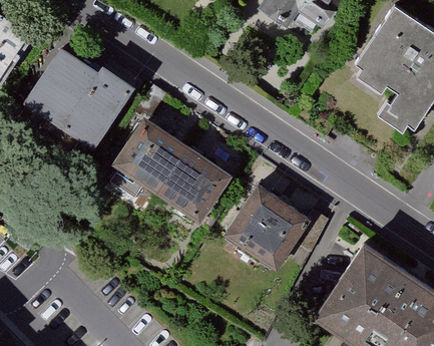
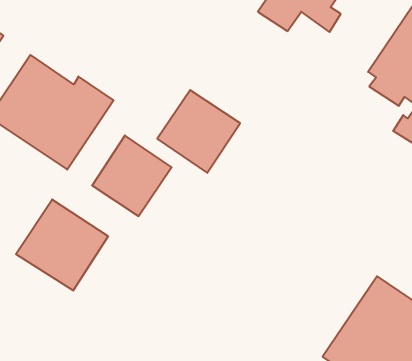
building: [153,149,227,223] -> [157,90,240,173]
building: none -> [16,199,108,291]
building: [227,187,309,268] -> none

